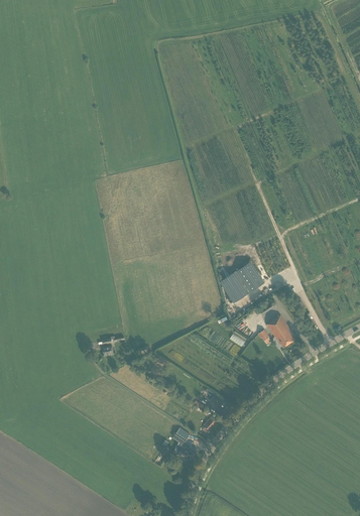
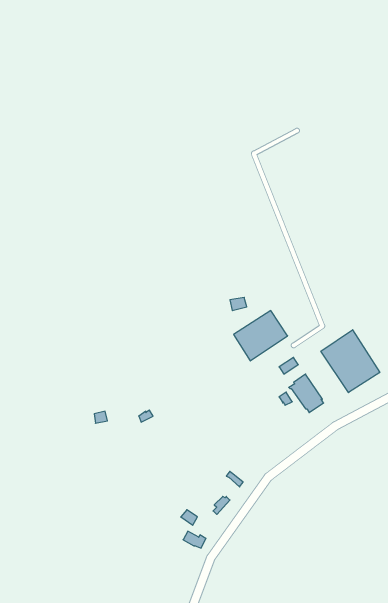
building: none -> [321,330,380,393]

